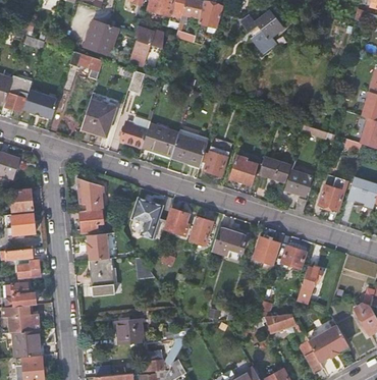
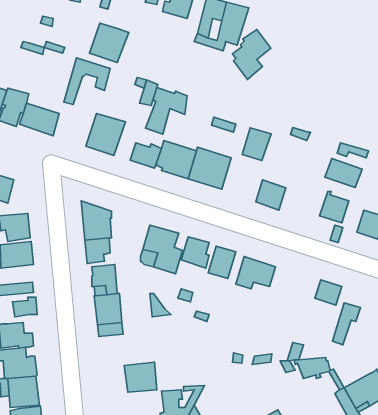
building: [250,10,283,54] -> [232,29,271,79]
building: [128,25,165,66] -> [145,88,187,134]
building: [204,147,229,175] -> [242,128,271,160]
building: [259,157,291,182] -> [325,159,362,188]
building: [254,236,280,264] -> none

